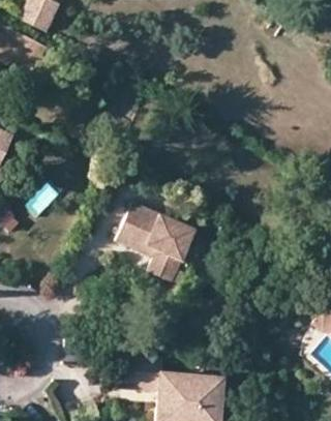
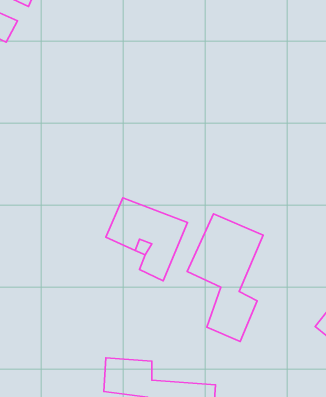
building: none -> [187,214,263,341]

